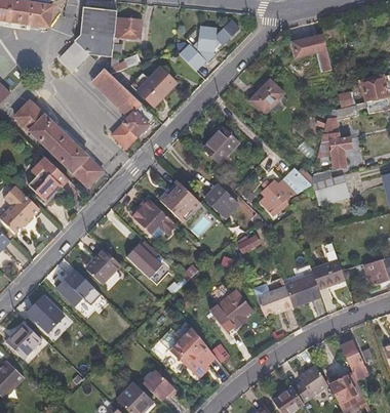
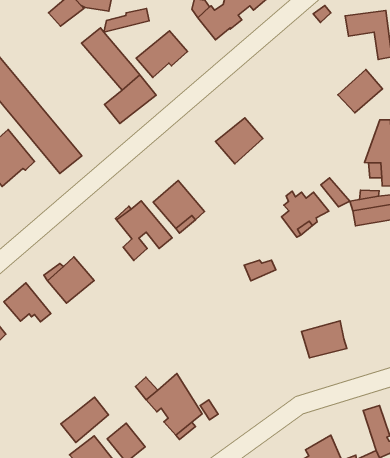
building: [249,79,283,113] -> [338,70,383,113]
building: [205,185,238,217] -> none
building: [129,243,161,278] -> none
building: [311,257,345,289] -> none
building: [251,285,292,315] -> none
building: [209,292,250,333] -> none
building: none -> [61,397,109,442]

